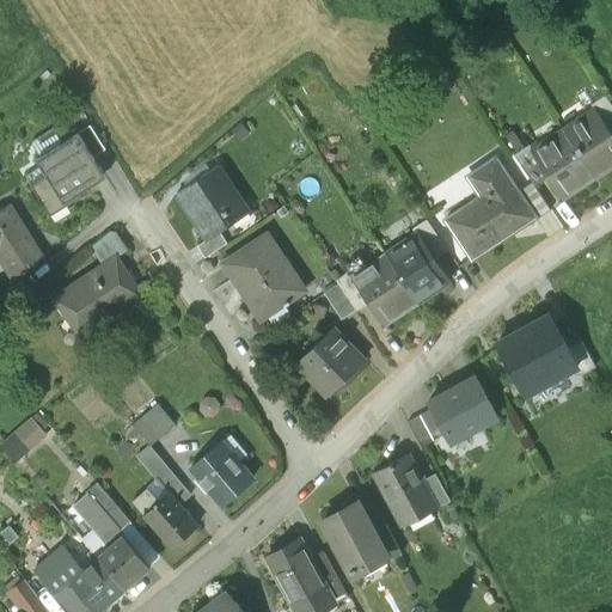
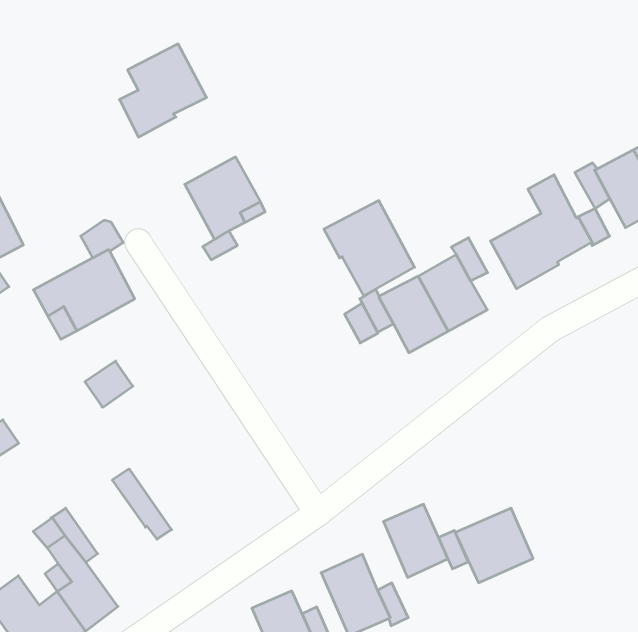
building: [31,134,106,218] -> [119,44,207,137]
building: [222,235,304,319] -> [324,201,415,296]
building: [497,316,576,396] -> none
building: [295,329,365,397] -> none
building: [428,377,497,443] -> [455,508,533,583]
building: [133,405,175,446] -> [85,361,133,407]
building: [190,445,253,506] -> none
building: [133,488,198,549] -> none

